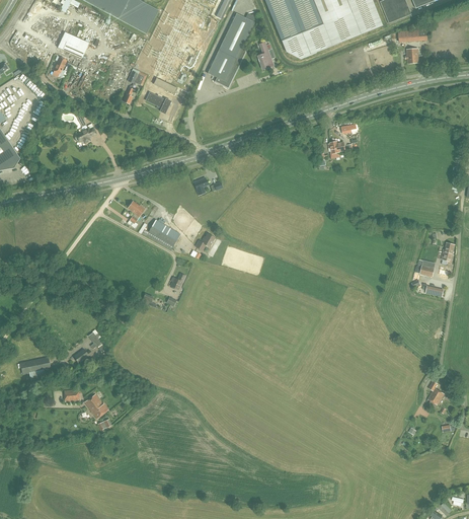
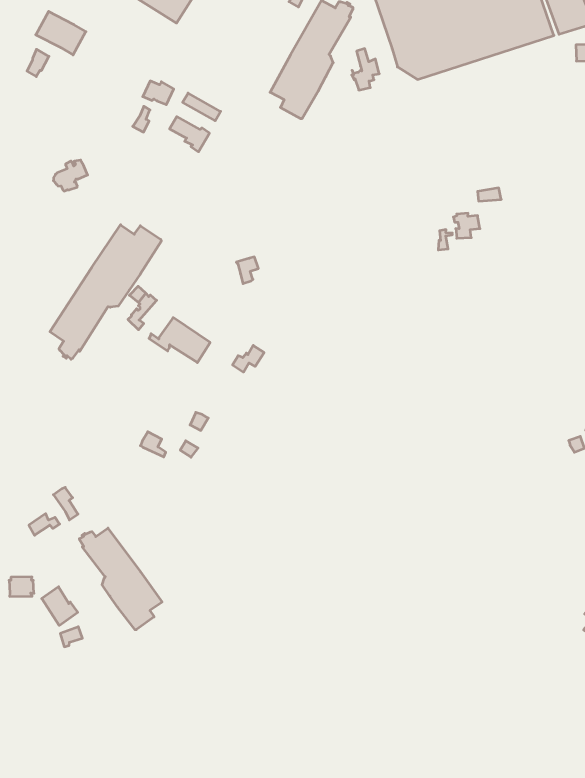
building: none -> [50,225,161,359]
building: none -> [79,528,162,630]

